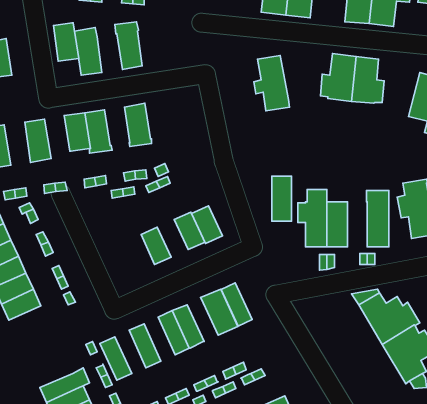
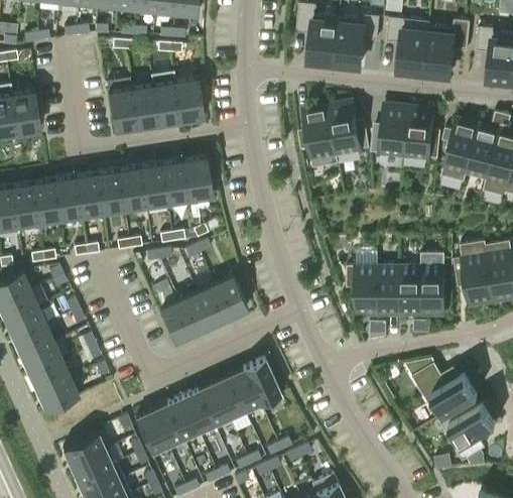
building: [53,23,79,61] -> [131,85,158,126]
building: none -> [174,78,203,119]
building: none -> [328,103,369,155]
building: none -> [441,121,478,181]
building: none -> [182,156,211,198]
building: none -> [139,163,166,205]
building: none -> [75,172,104,219]
building: none -> [31,179,59,226]
building: [272,176,291,221] -> [400,265,421,314]
building: [192,206,222,243] -> [196,284,229,325]
building: none -> [159,300,193,342]
building: [221,283,252,326] -> [228,369,261,415]
building: none -> [36,377,80,411]
building: none -> [181,389,215,437]
building: none -> [150,403,183,450]
building: none -> [62,431,109,465]

